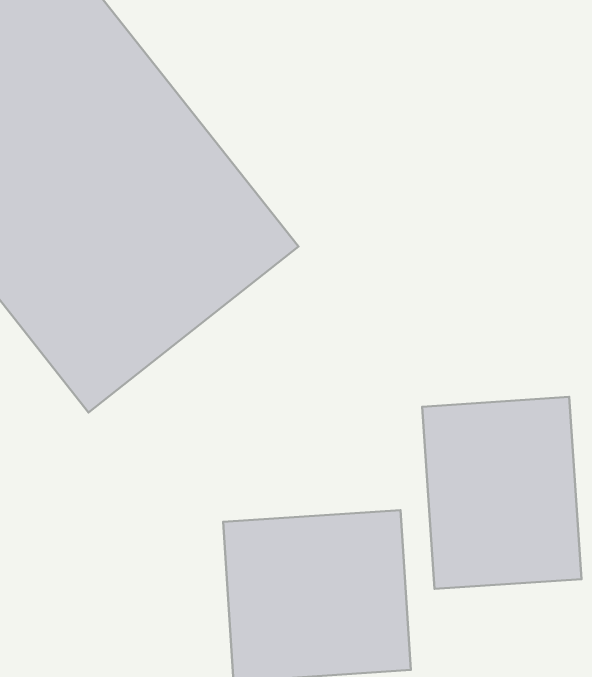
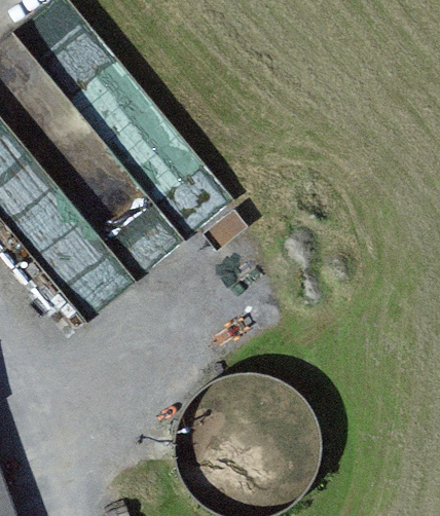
building: [422,397,582,589] -> none

